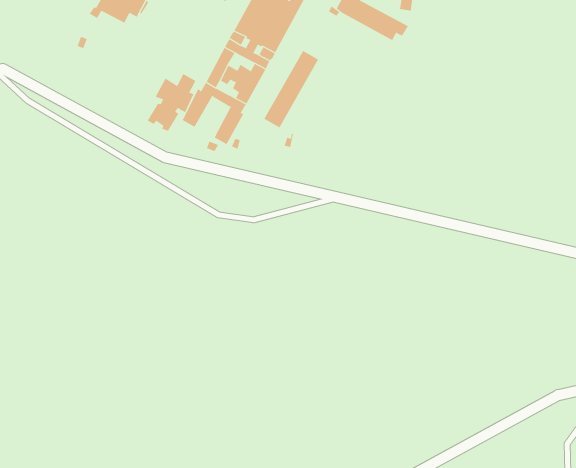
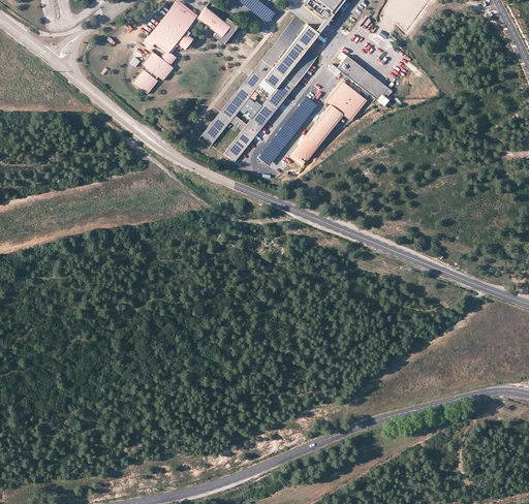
building: none -> [292,81,366,162]
building: [147,74,196,132] -> [132,50,176,93]

